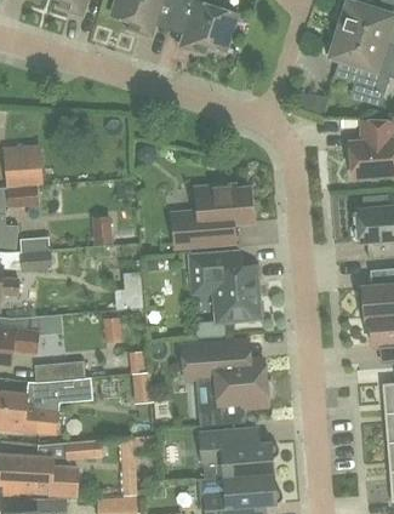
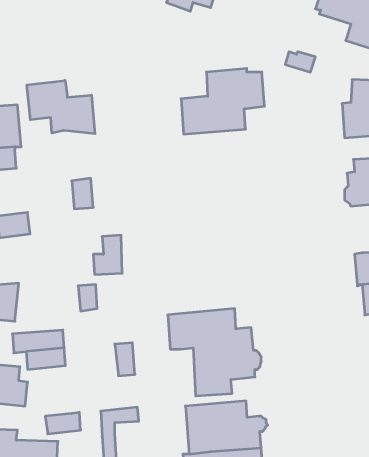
building: none -> [27,80,95,134]
building: [173,184,253,247] -> [181,68,264,134]
building: [190,252,261,337] -> none

